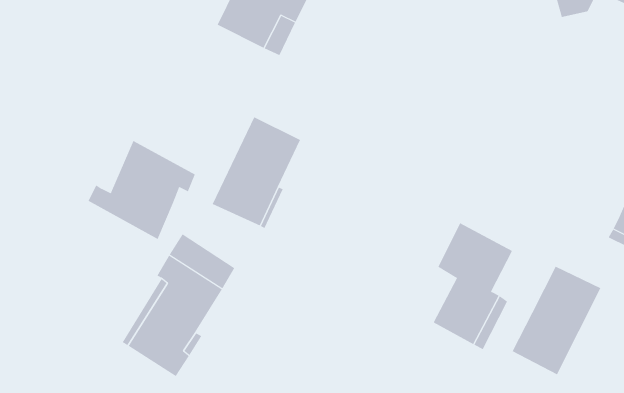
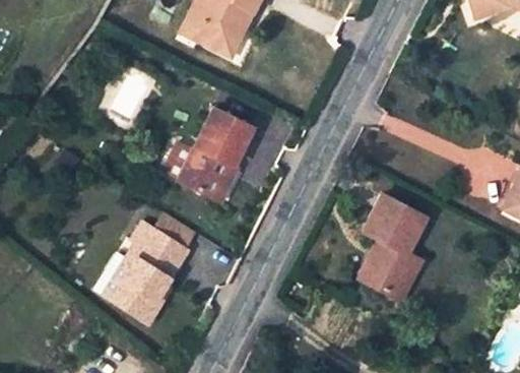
building: [88,140,195,240] -> none
building: [512,266,601,375] -> none

